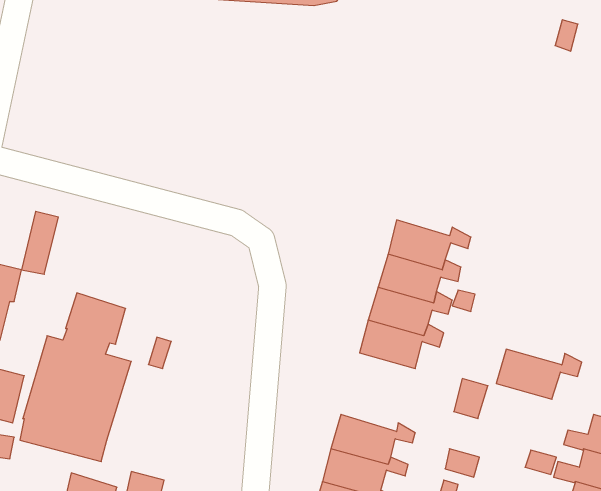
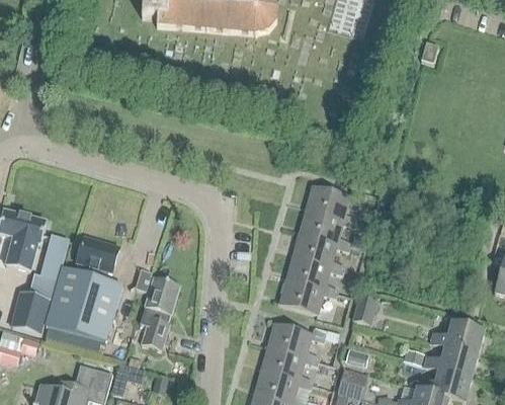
building: [21,211,58,274] -> [40,230,67,274]
building: none -> [140,274,180,348]
building: [496,349,582,399] -> [278,277,339,313]

